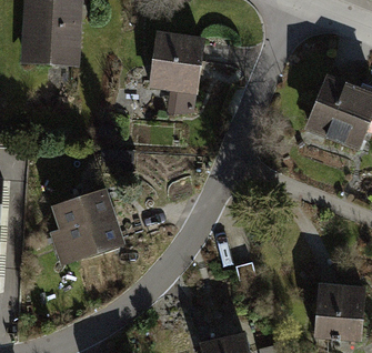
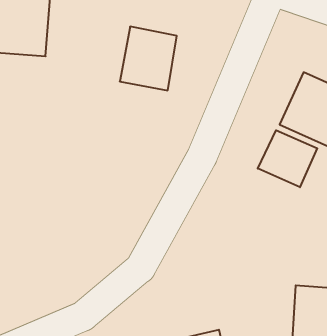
building: none -> [258,130,317,187]
building: [48,188,124,263] -> none

